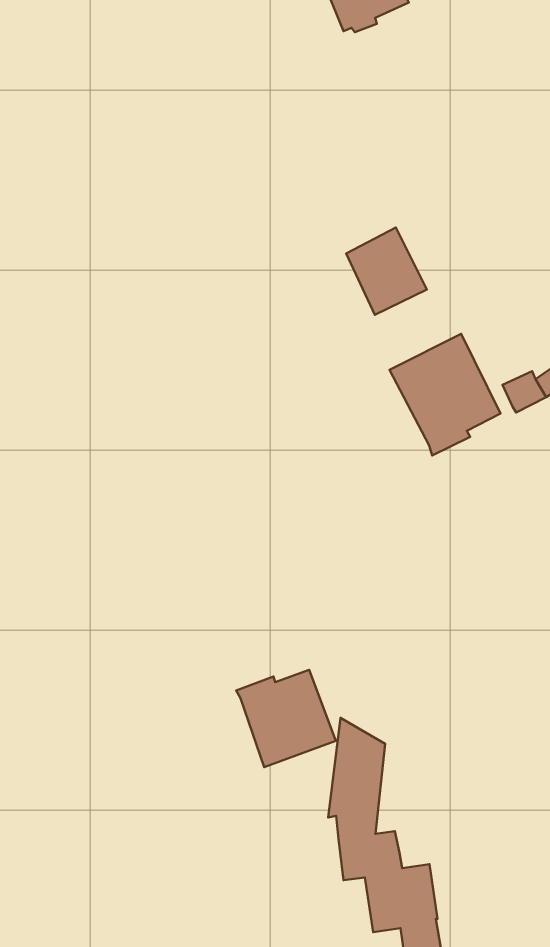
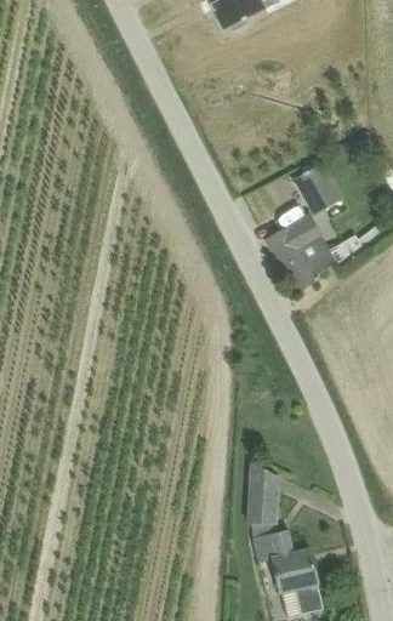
building: [346,228,427,315] -> [294,160,346,216]
building: [236,670,336,767] -> none

